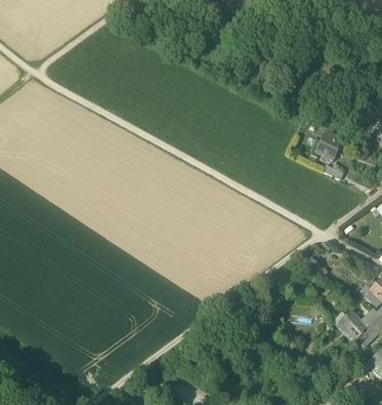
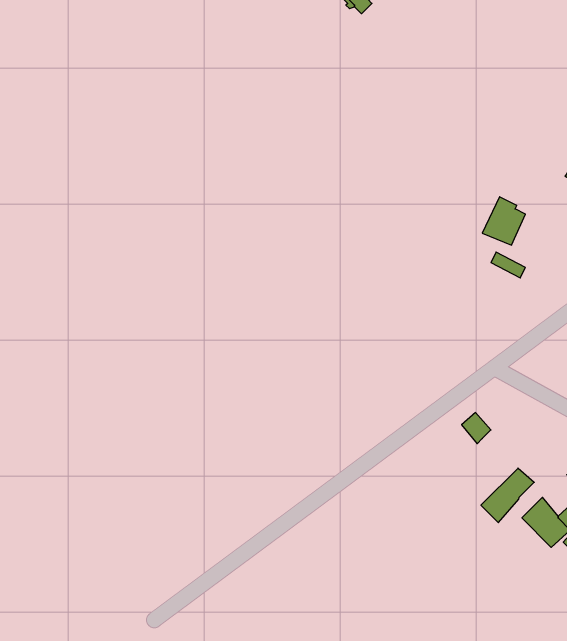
building: none -> [481,468,534,523]

